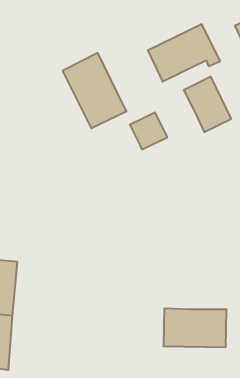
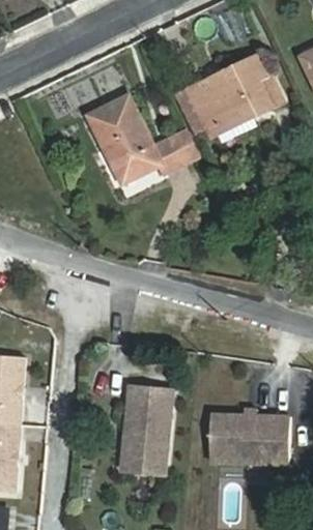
building: [184,77,231,132] -> none
building: [130,112,167,149] -> [151,127,199,174]
building: none -> [122,387,171,474]

